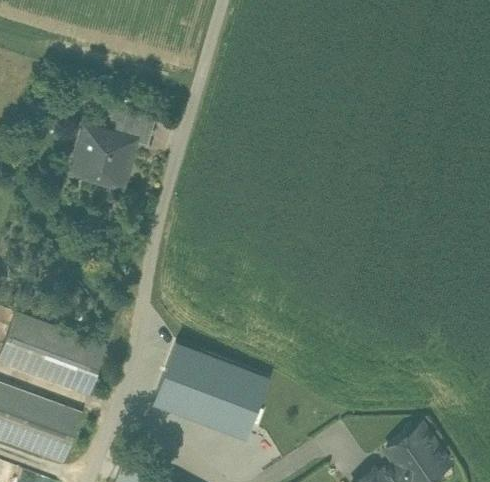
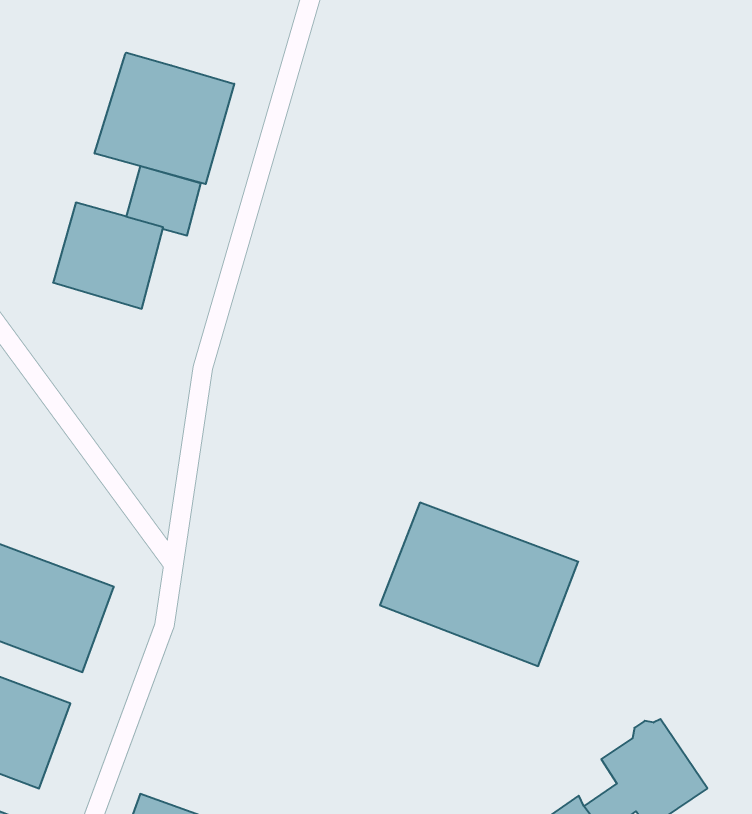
building: none -> [95,53,234,184]
building: [155,346,269,440] -> [380,503,578,666]

